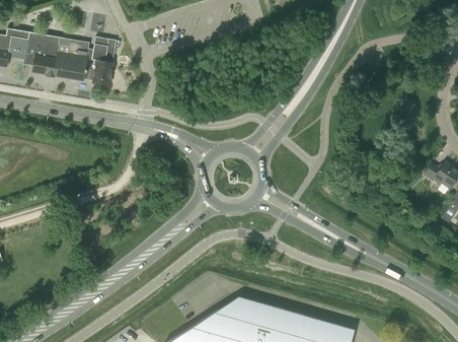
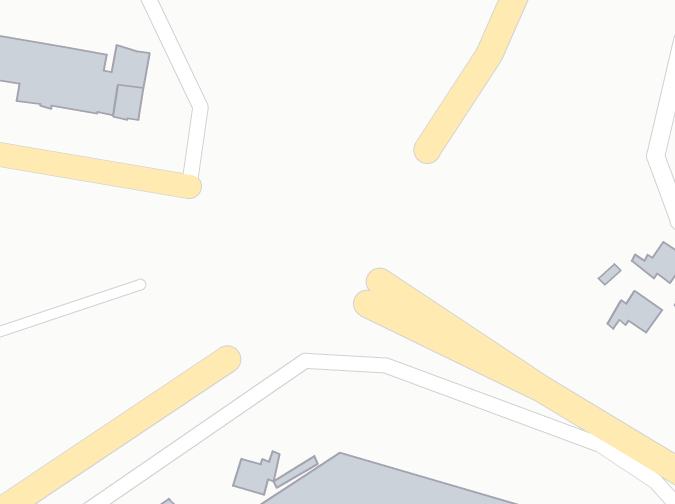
building: none -> [607,291,662,333]
building: none -> [233,451,279,495]

